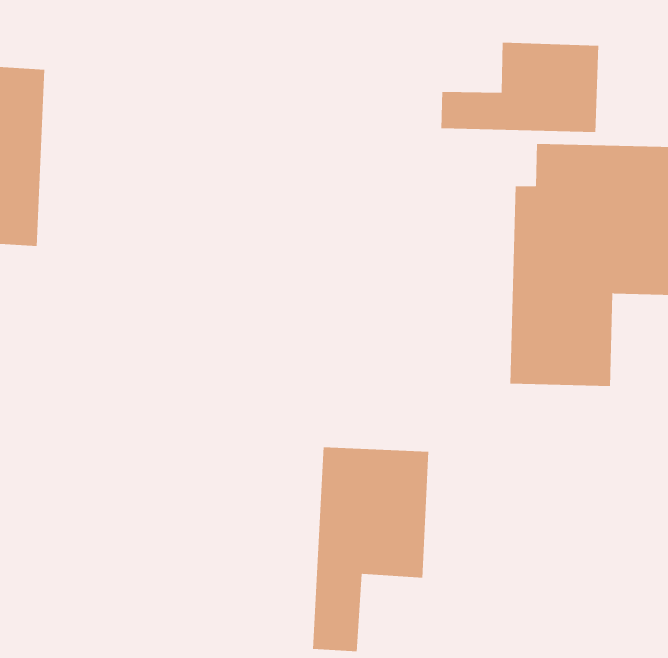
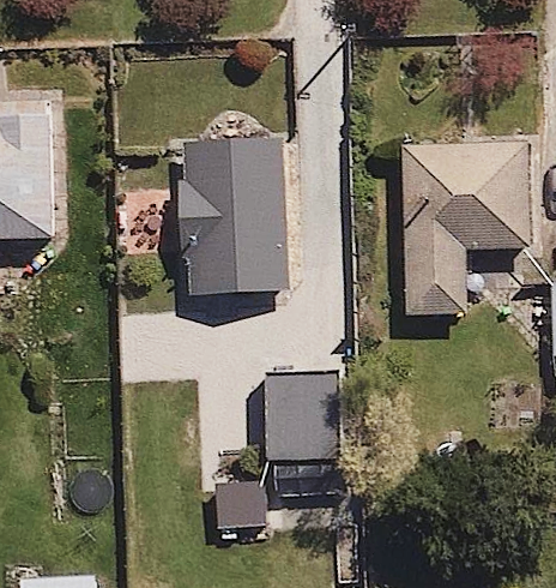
building: [441,42,599,133] -> none
building: none -> [145,149,285,290]

